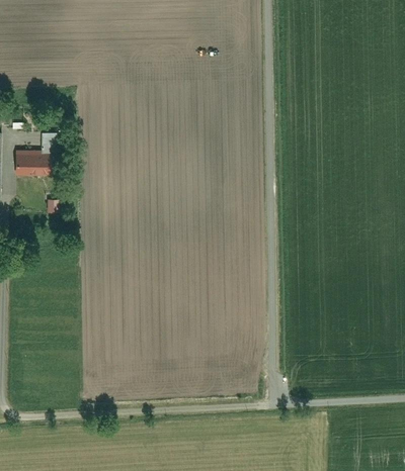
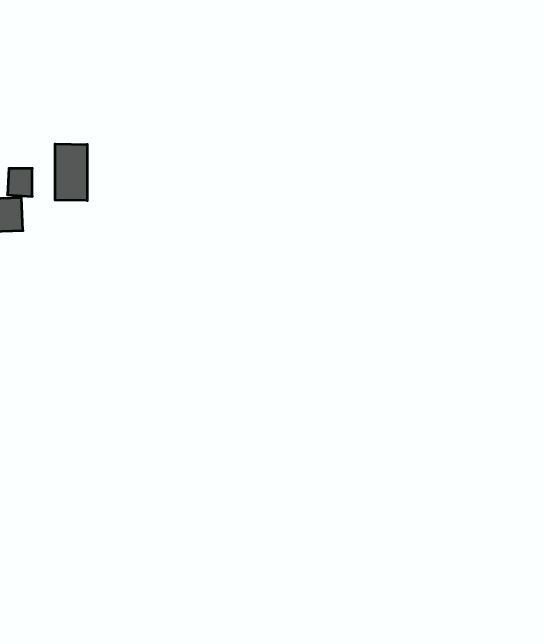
building: none -> [55,144,87,201]

